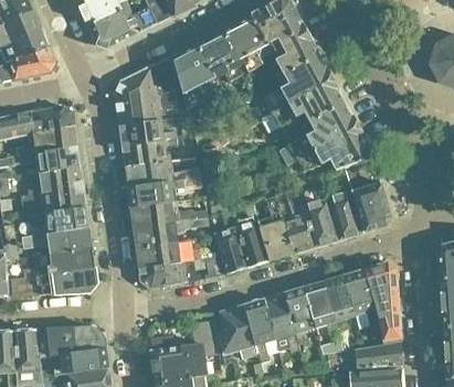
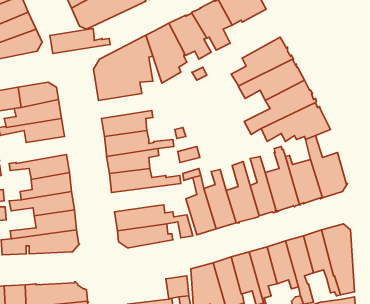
building: [266,25,318,79] -> none
building: [118,118,184,146] -> [50,28,110,53]
building: [24,165,83,195] -> none
building: [133,217,210,248] -> none

